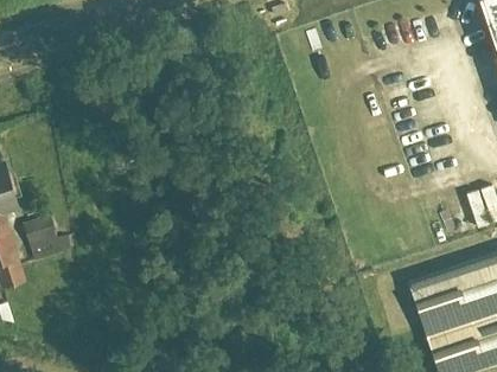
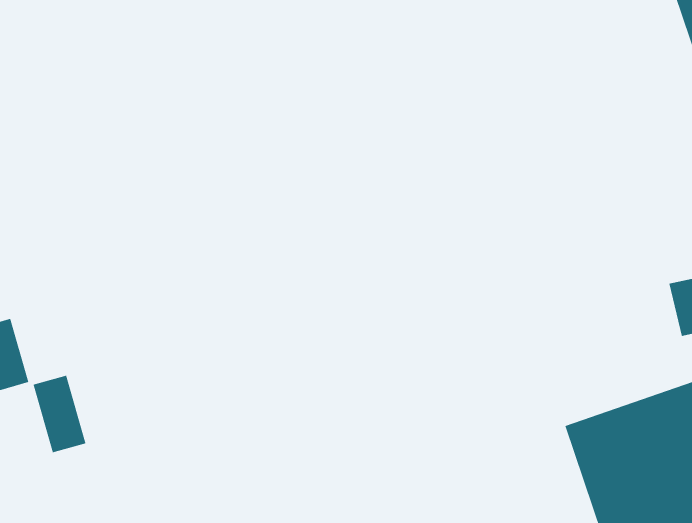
building: none -> [33,375,86,453]

